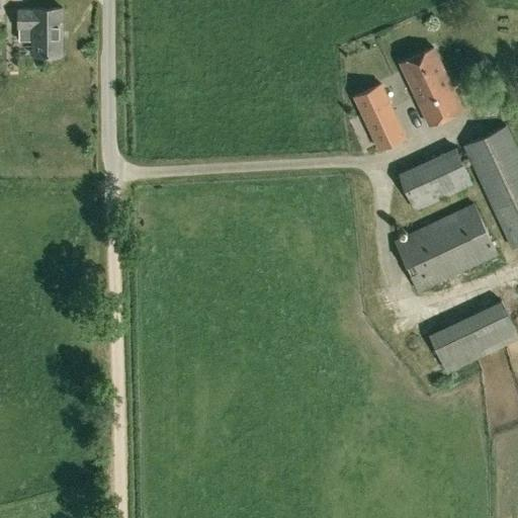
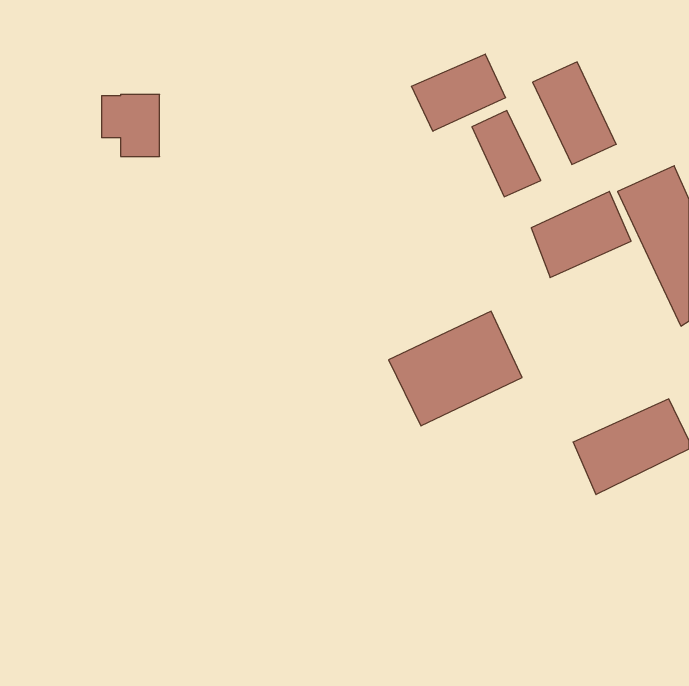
building: [18,9,62,56] -> [102,94,160,156]
building: none -> [412,54,505,131]
building: [396,204,496,290] -> [389,311,522,426]

